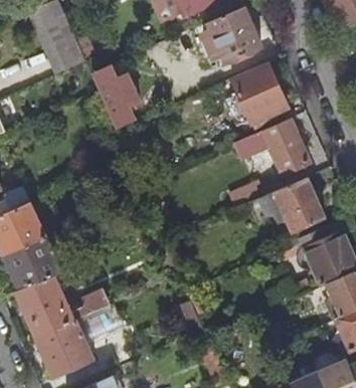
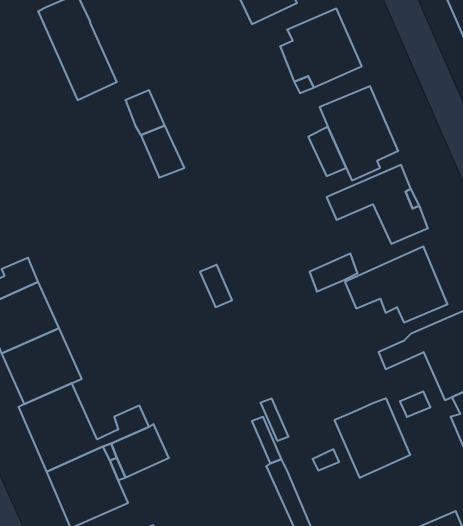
building: none -> [335,398,410,478]

